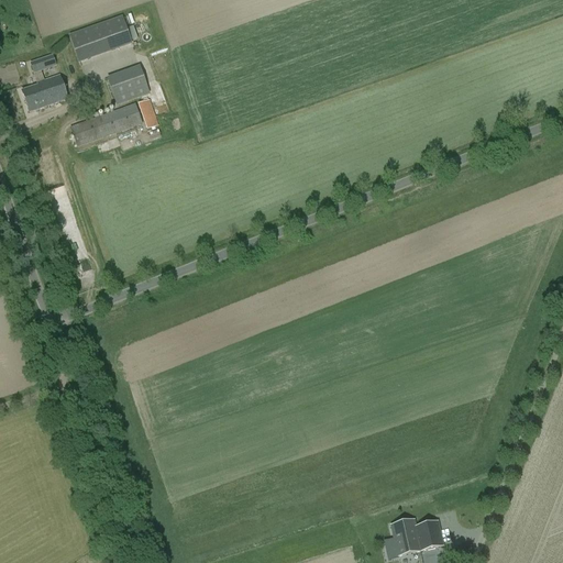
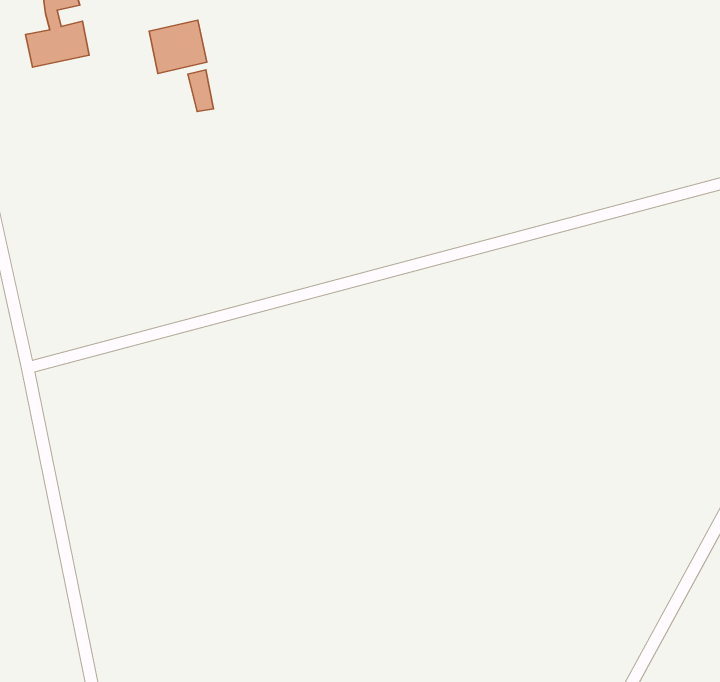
building: [70,102,143,146] -> none

